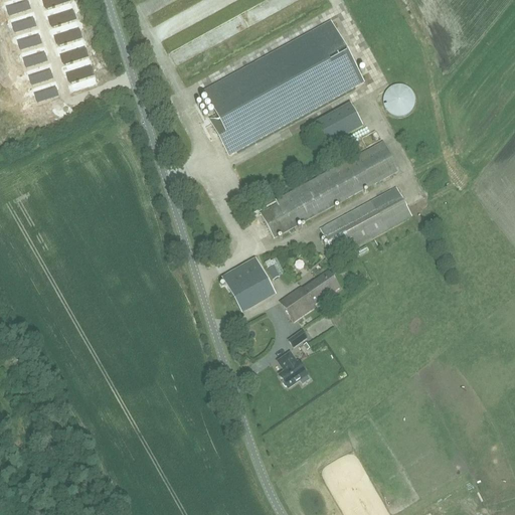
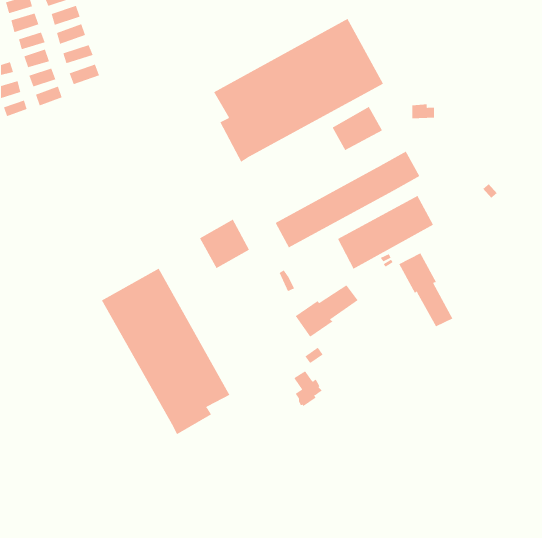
building: none -> [399,252,453,327]
building: none -> [101,268,230,435]
building: [223,256,272,304] -> [199,219,250,269]

